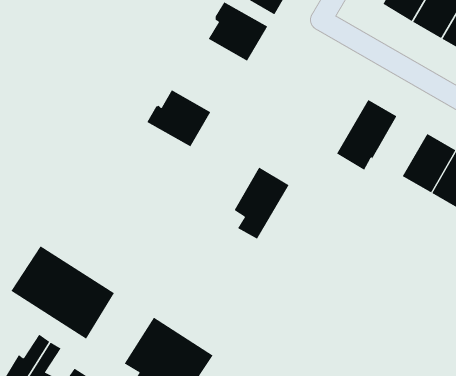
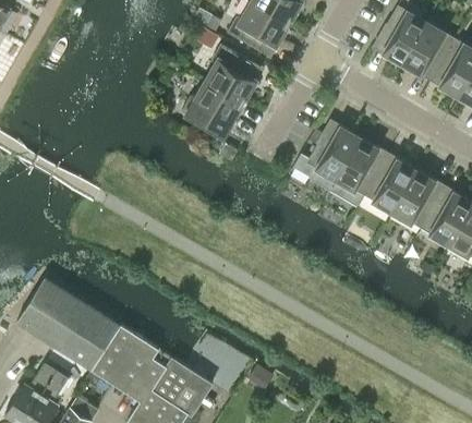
building: [146,89,211,147] -> [182,81,244,136]
building: none -> [364,155,416,213]
building: [234,167,289,240] -> [306,121,360,191]
building: none -> [84,325,154,392]

